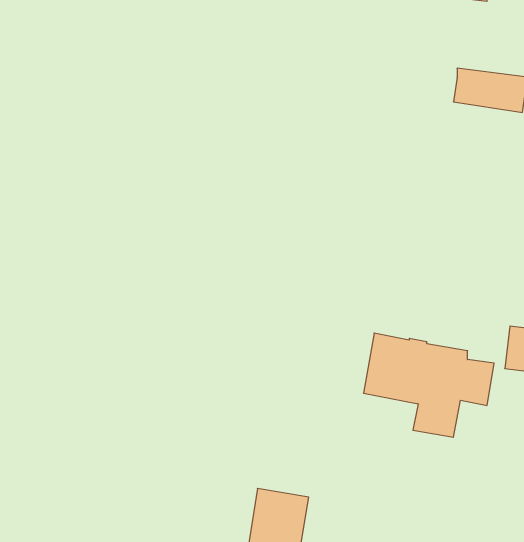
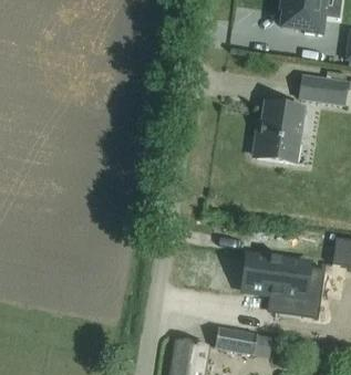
building: none -> [255,102,303,163]
building: none -> [215,327,257,354]

